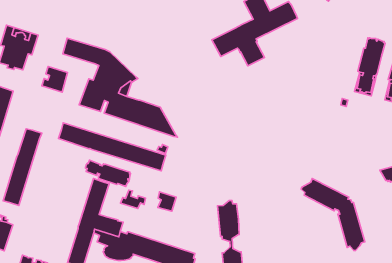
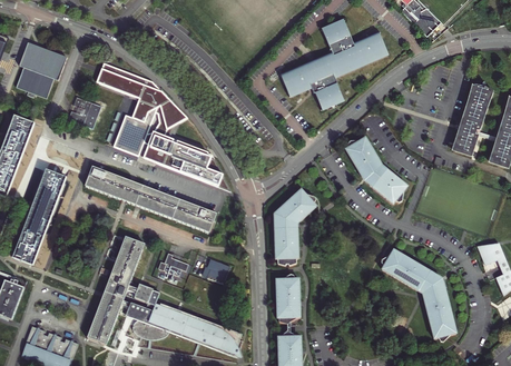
building: none -> [344,138,405,205]
building: none -> [275,187,316,263]
building: [85,160,131,186] -> none

